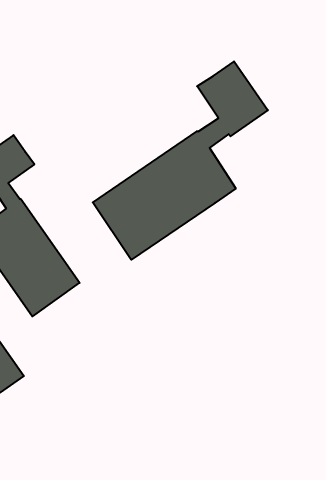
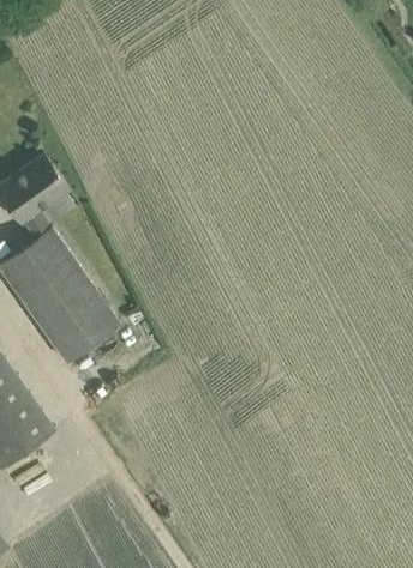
building: [93,61,268,260] -> none

